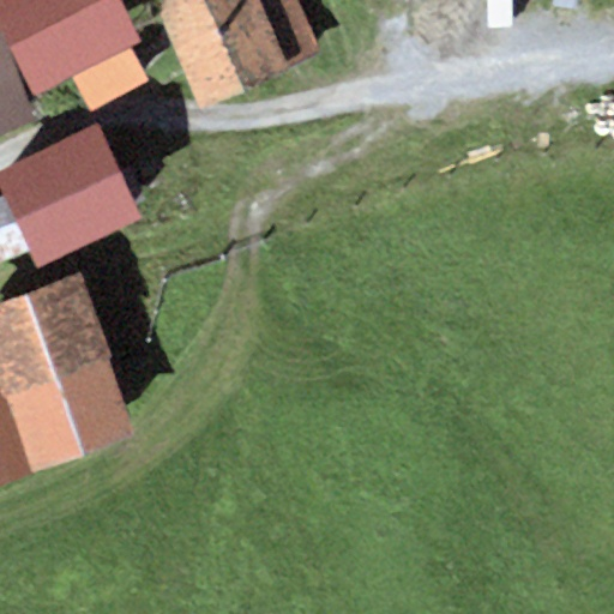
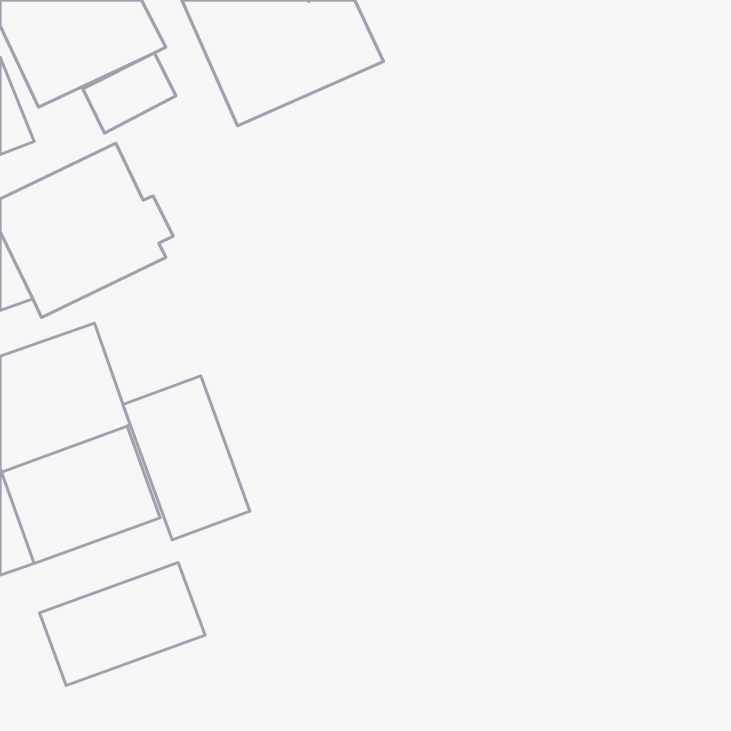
building: none -> [123,376,250,540]
building: none -> [39,563,205,686]

